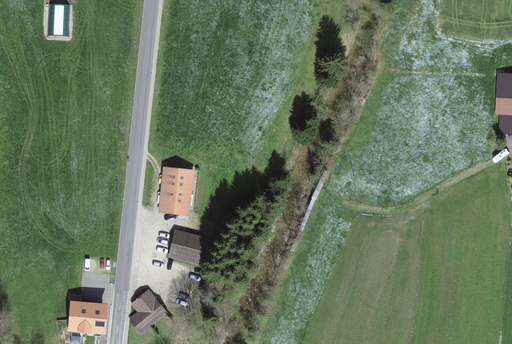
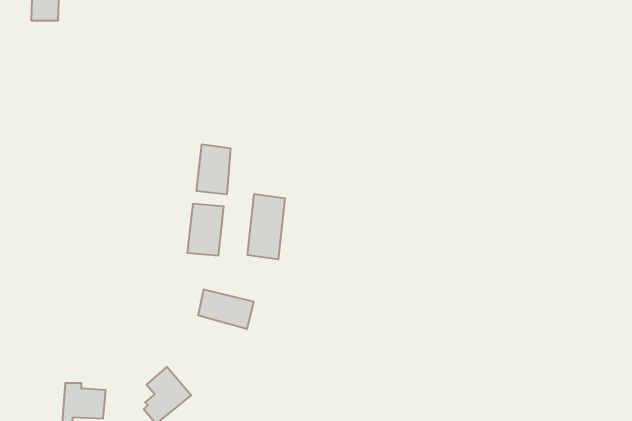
building: none -> [196,144,230,194]
building: none -> [247,194,285,259]

